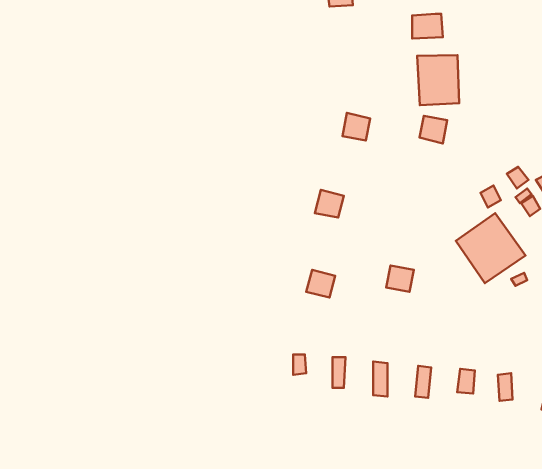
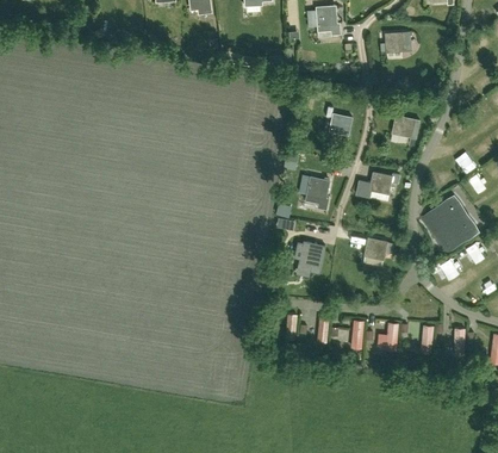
building: [417,55,459,105] -> none
building: none -> [354,176,390,199]

